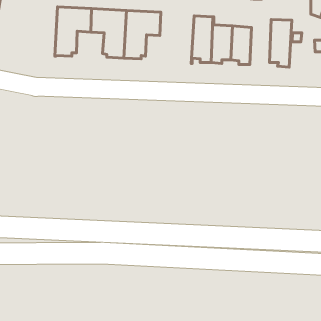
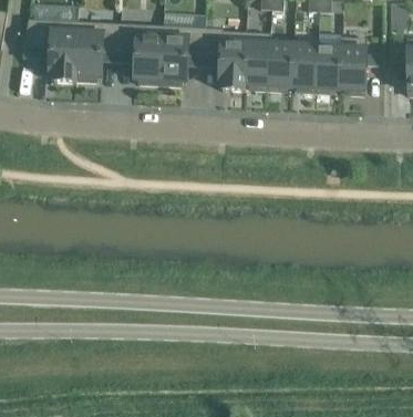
building: none -> [23,19,78,82]
building: none -> [204,28,246,91]
building: none -> [314,37,341,93]

